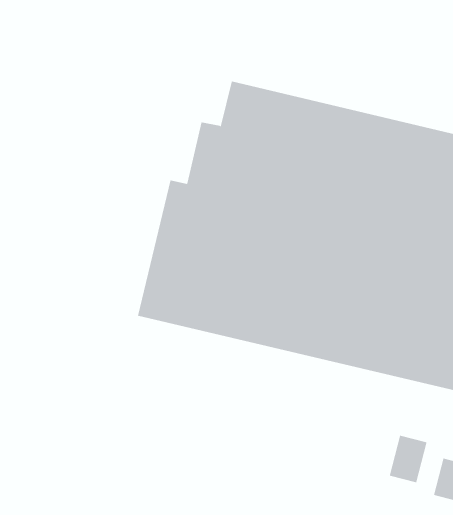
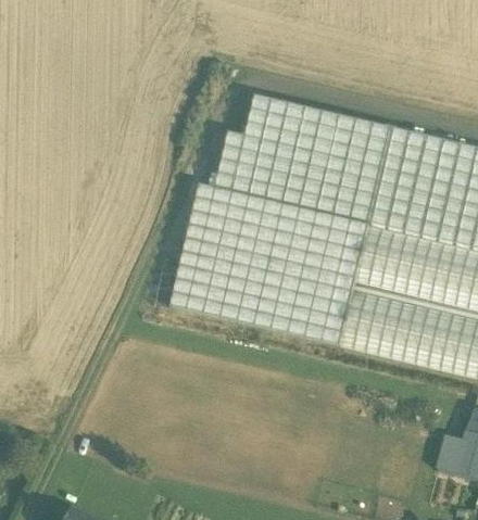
building: [389,435,427,483] -> none

